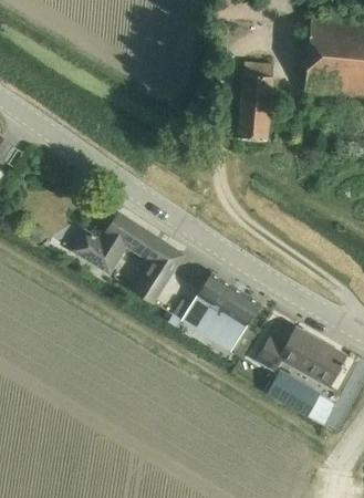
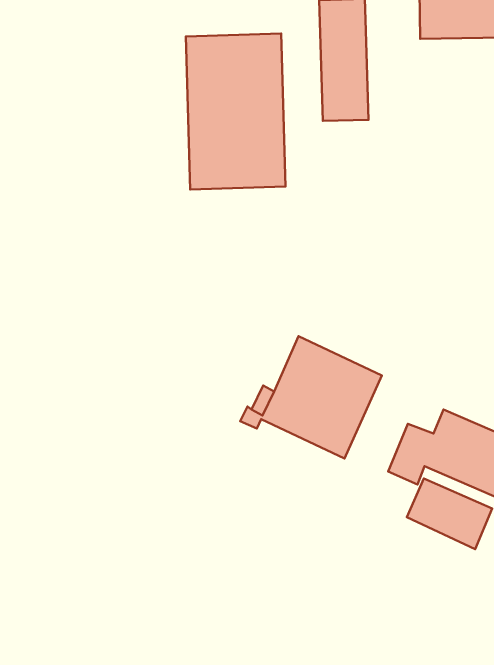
building: none -> [186,34,286,190]
building: [72,212,184,303] -> none

